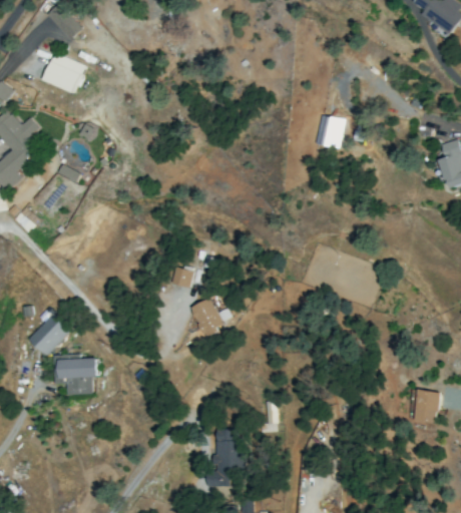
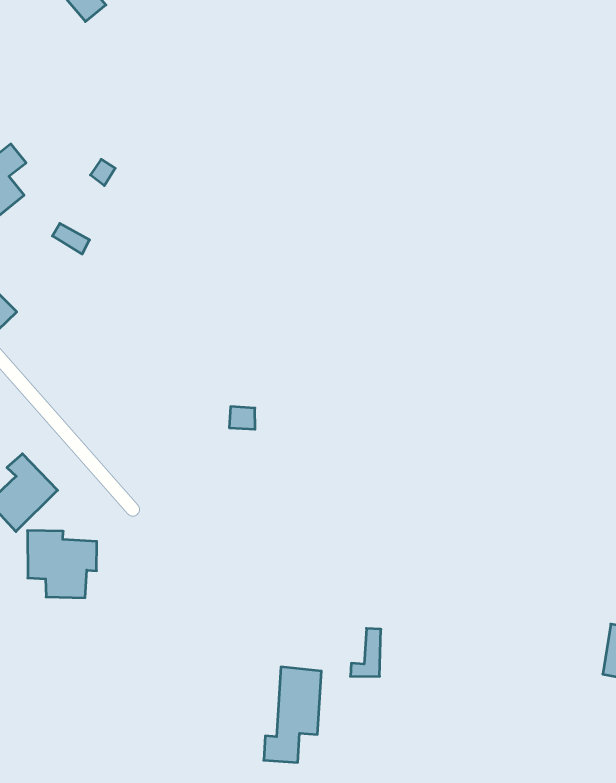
building: [43,53,85,93] -> none
building: [317,115,345,147] -> none
building: [192,299,233,337] -> none

